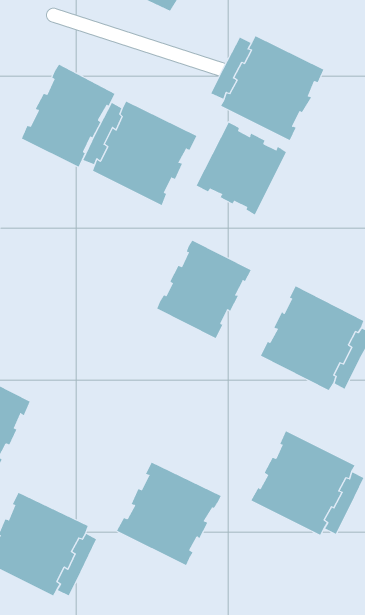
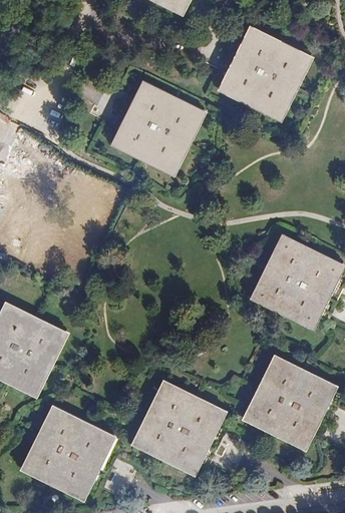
building: [21,64,115,168] -> none
building: [196,122,287,215] -> none
building: [157,240,251,339] -> none
building: none -> [194,418,227,469]

